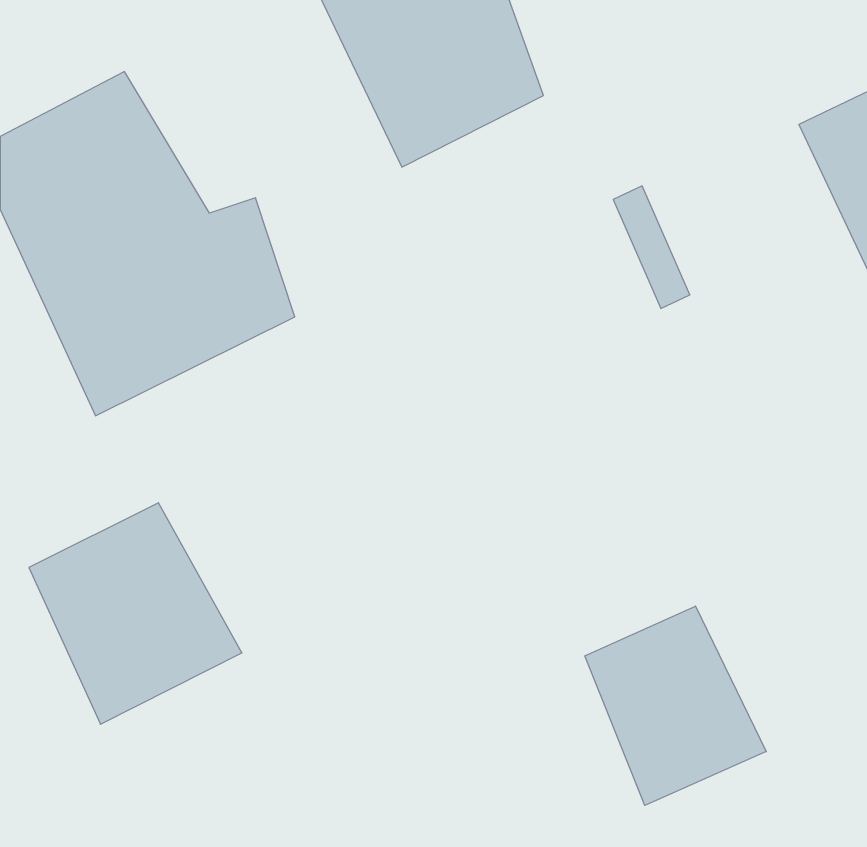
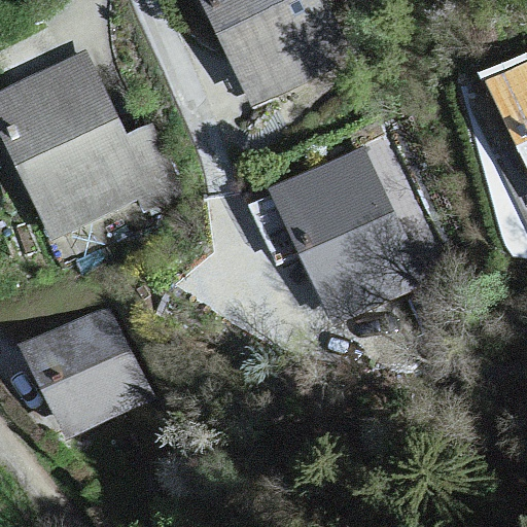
building: none -> [268,148,432,354]
building: [585,606,766,805] -> none

